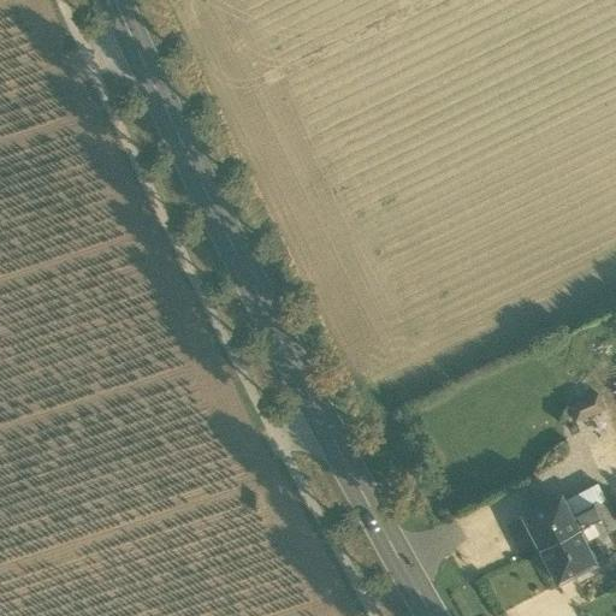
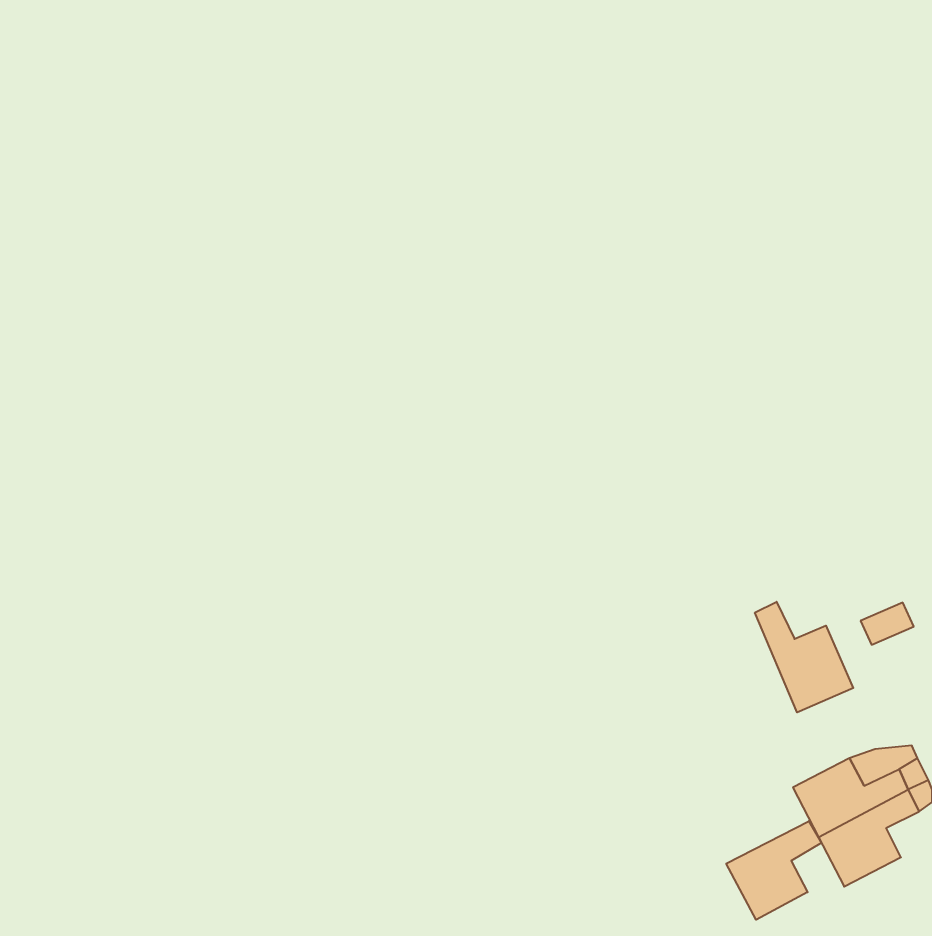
building: none -> [755,602,853,712]
building: none -> [726,821,821,920]

